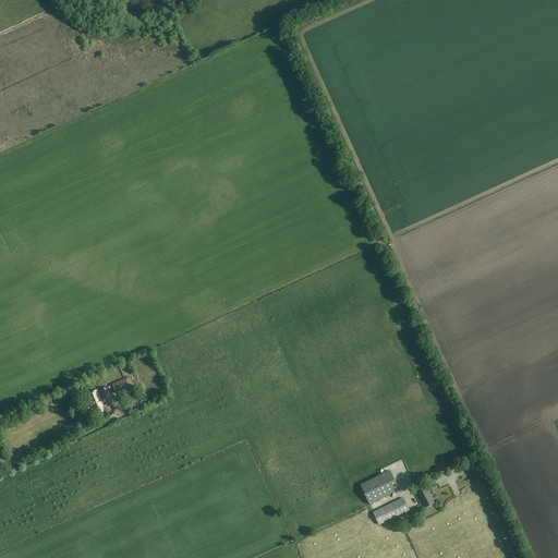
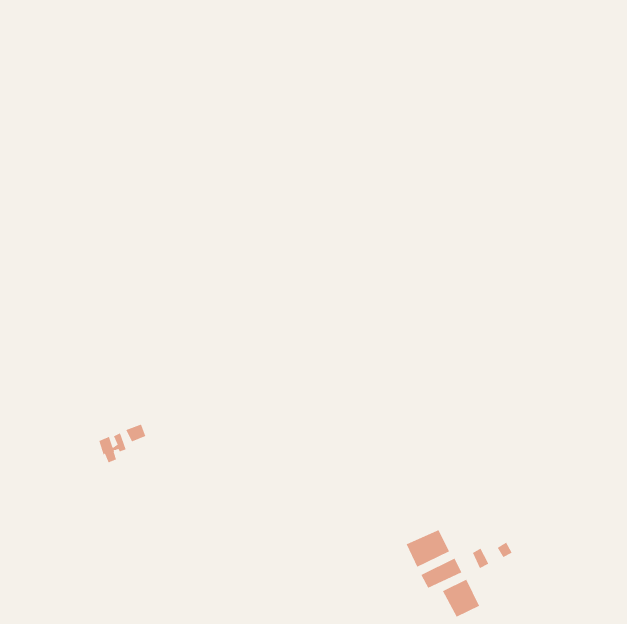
building: none -> [442,579,480,617]

